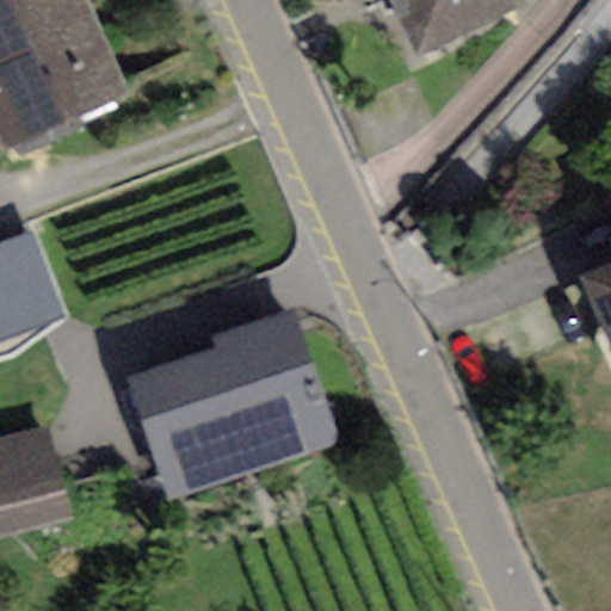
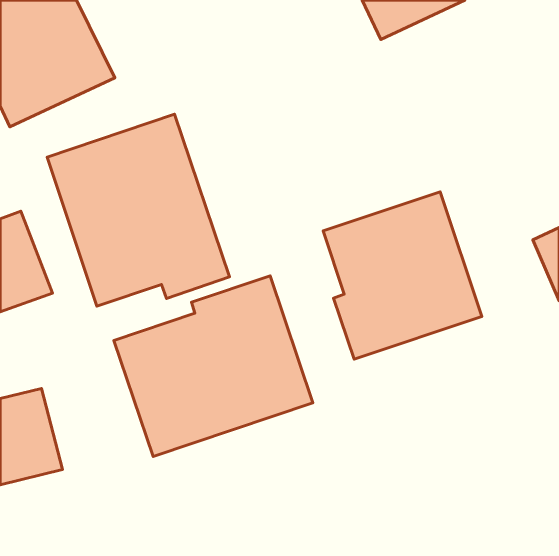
building: none -> [47,114,229,306]
building: none -> [323,192,482,359]

